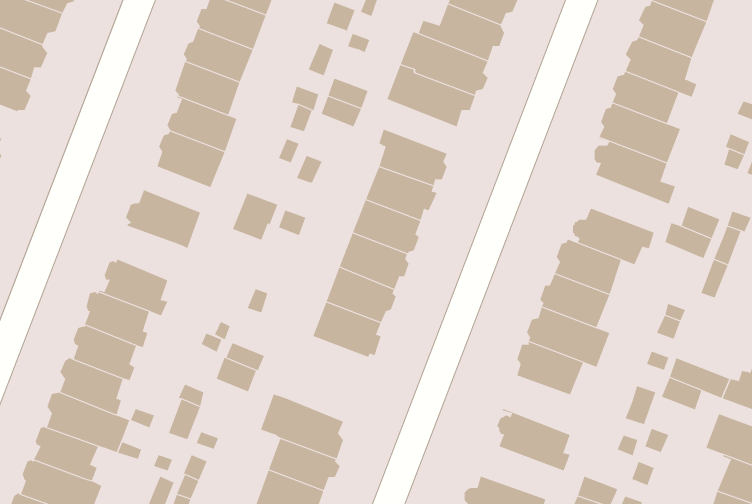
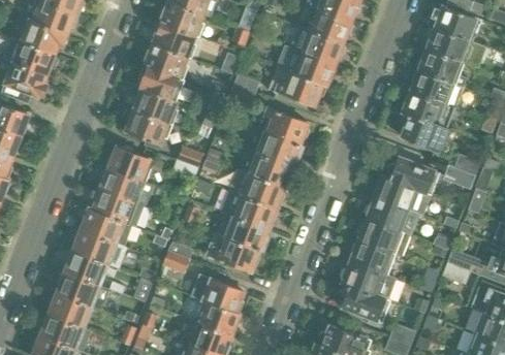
building: none -> [101,168,153,206]
building: none -> [206,233,260,272]
building: none -> [342,262,386,299]

